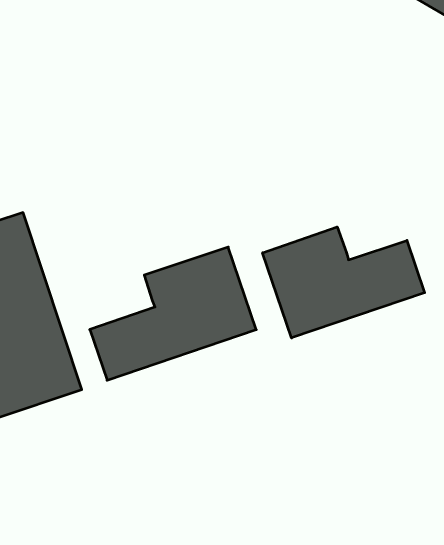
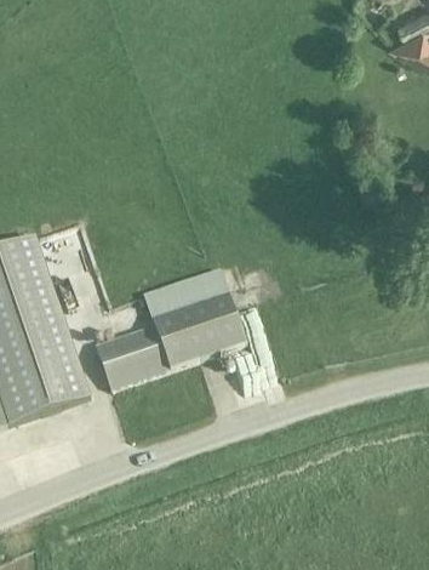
building: [263,227,425,338] -> none

